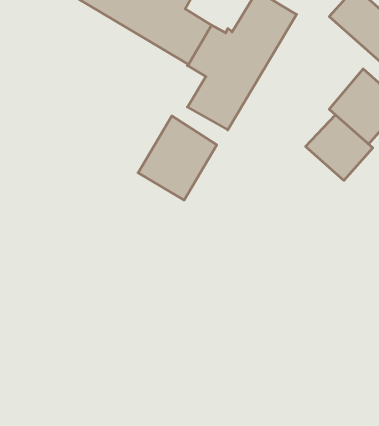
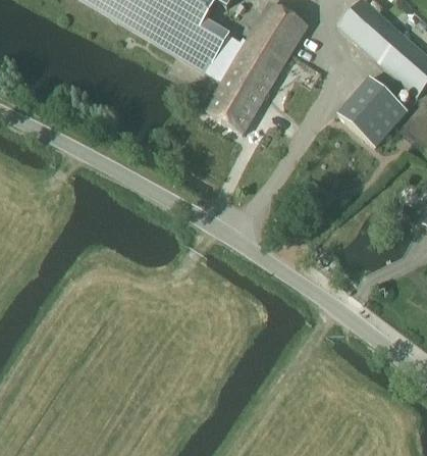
building: [306,115,373,180] -> none
building: [138,116,217,200] -> none

